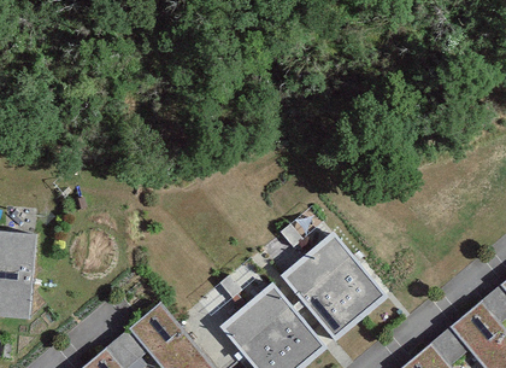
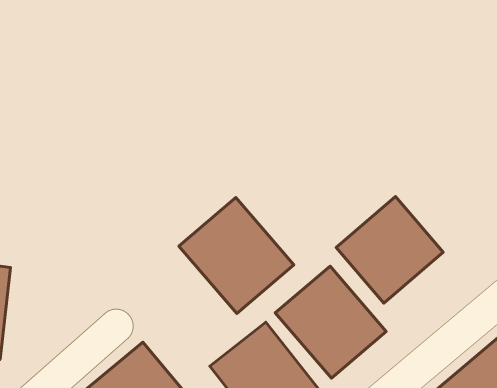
building: none -> [336,196,443,303]
building: none -> [179,197,294,314]

